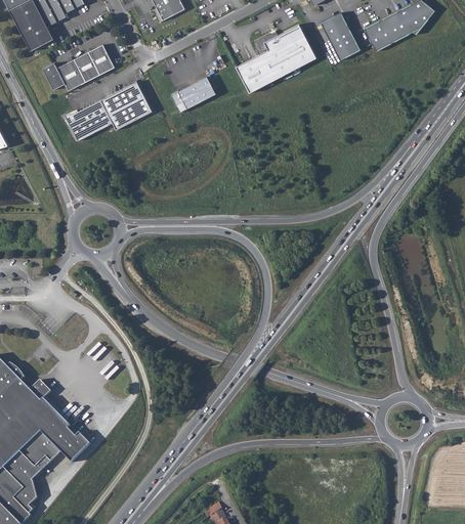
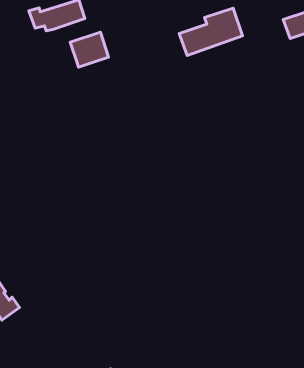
building: [321,12,361,60] -> none
building: [171,77,215,113] -> none
building: [65,100,113,141] -> none

